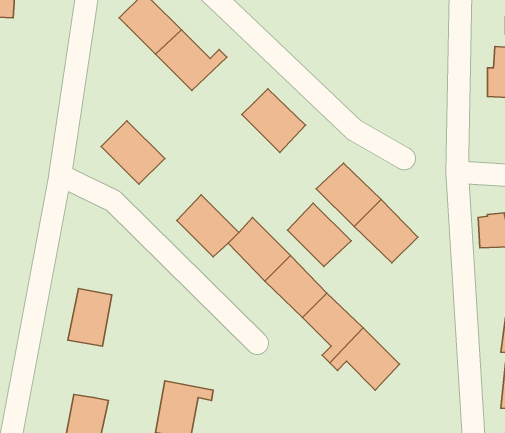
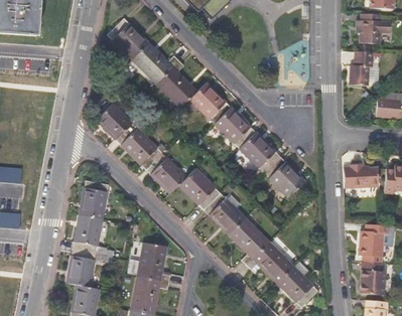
building: none -> [153,58,194,106]
building: none -> [118,126,159,167]
building: [287,203,351,267] -> [212,104,254,146]
building: none -> [78,178,107,216]
building: none -> [135,241,168,280]
building: none -> [64,247,94,285]
building: none -> [275,263,316,304]

